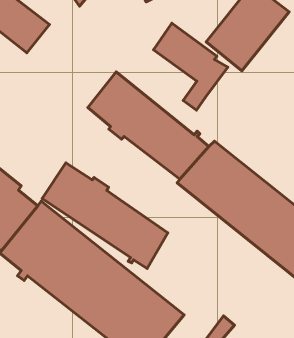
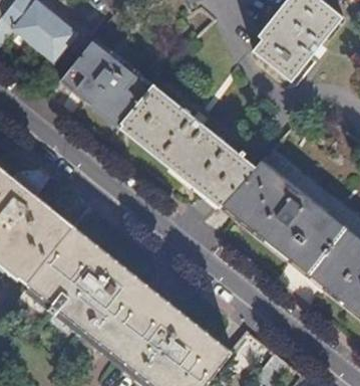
building: [153,23,228,110] -> none
building: none -> [59,35,152,125]
building: [42,163,168,269] -> none

